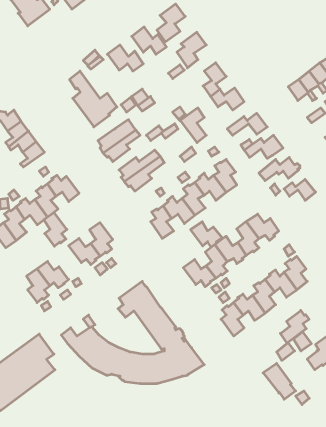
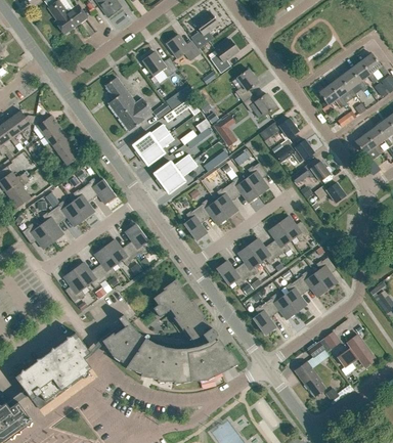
building: [44,213,67,246] -> [94,247,117,279]
building: [191,222,222,247] -> none
building: [280,310,309,343] -> none

